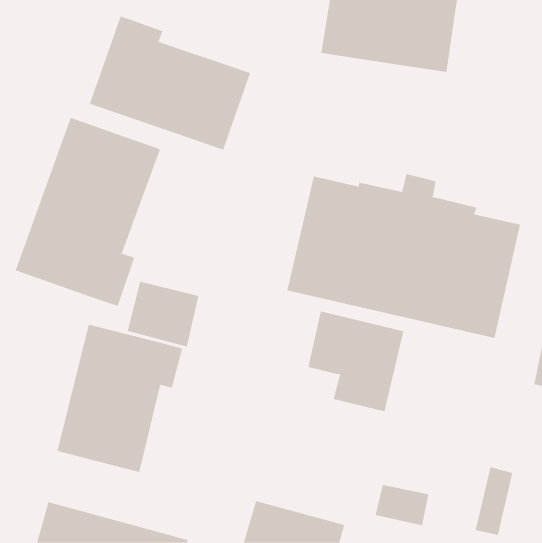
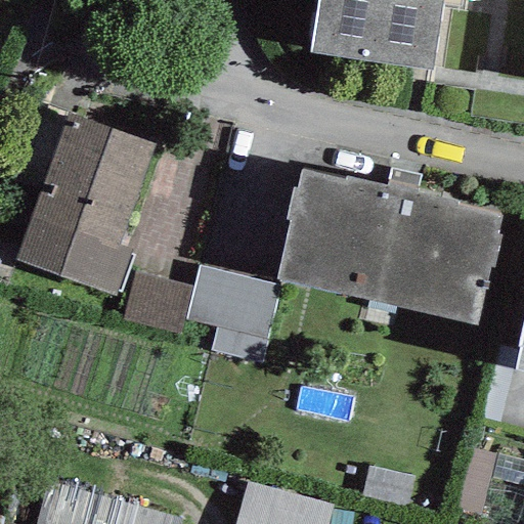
building: [89,15,251,150] -> none
building: [307,311,404,412] -> [187,265,280,362]
building: [57,324,183,473] -> none

